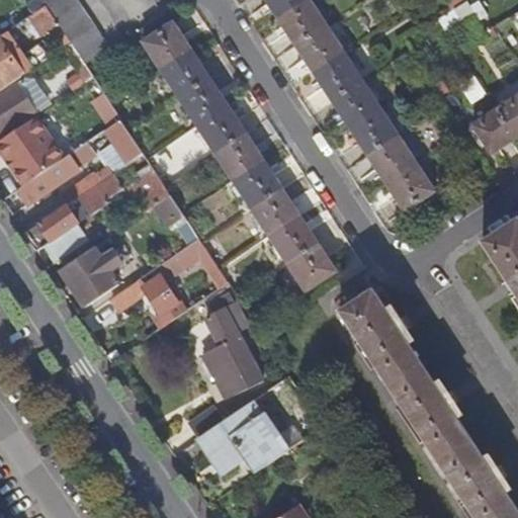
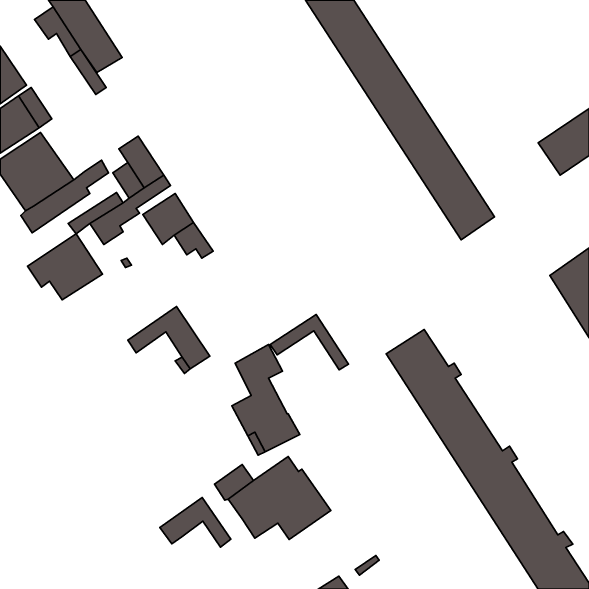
building: [144,22,335,290] -> none
building: [159,240,228,288] -> [270,315,349,370]
building: [61,246,121,307] -> none
building: none -> [160,498,231,547]

